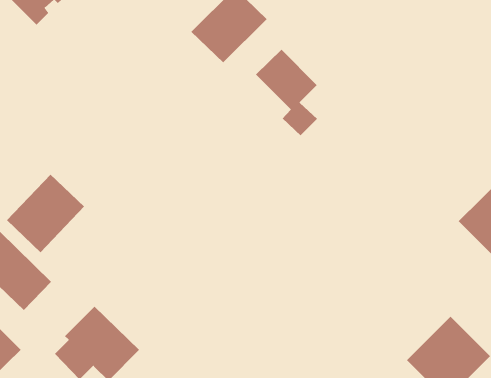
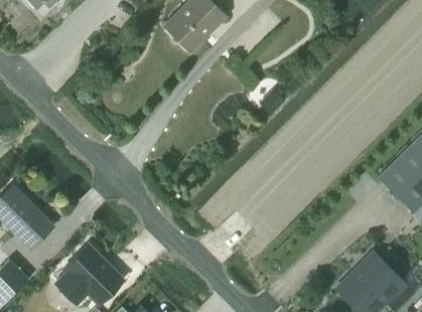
building: [255,49,318,136] -> none
building: [6,174,85,253] -> none

